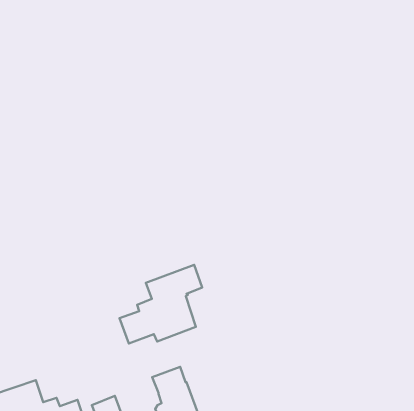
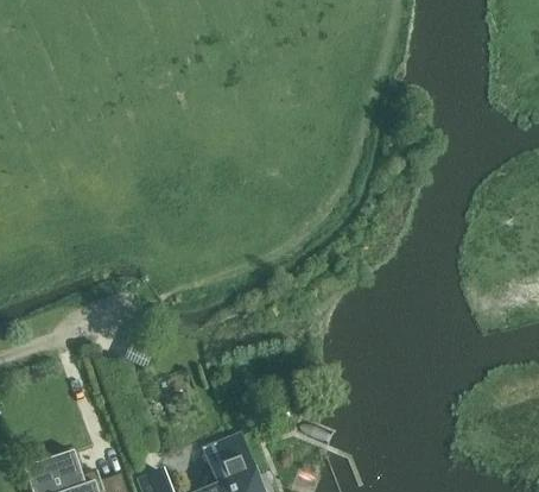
building: [119,265,202,344] -> none

